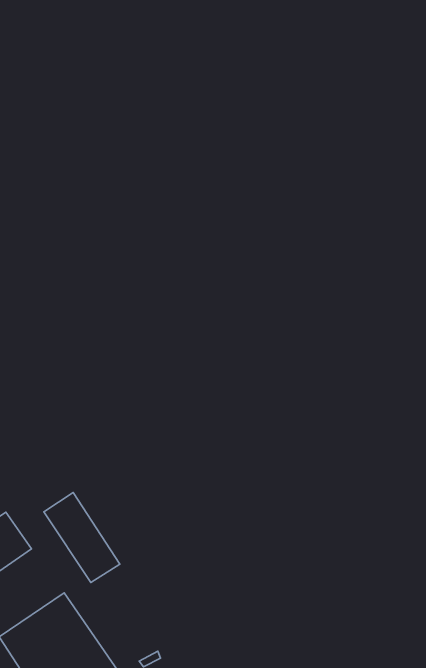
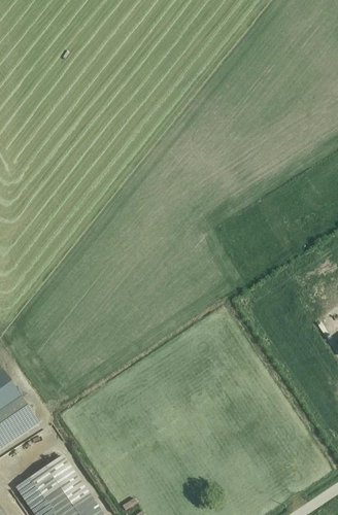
building: [44,493,120,583] -> none

